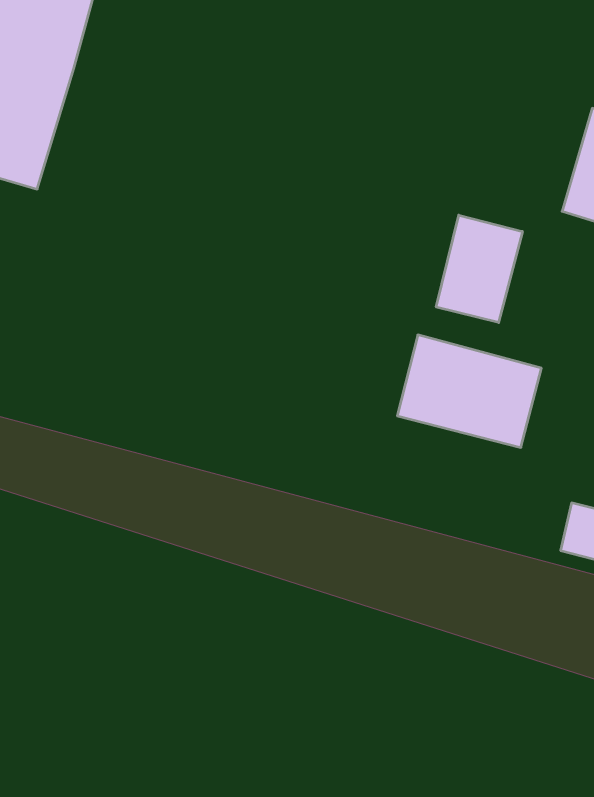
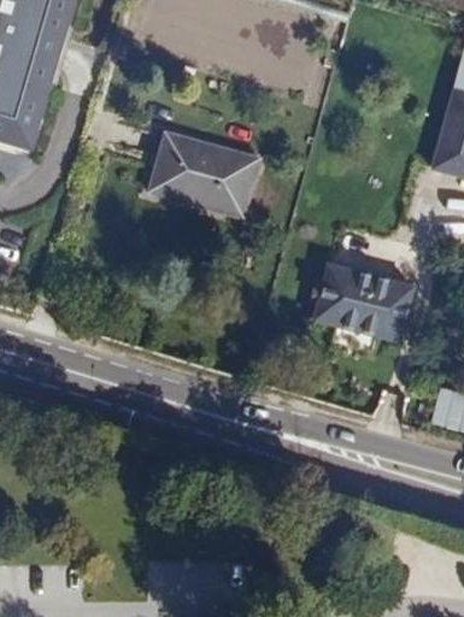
building: none -> [145,129,264,222]
building: [436,215,522,323] -> none

